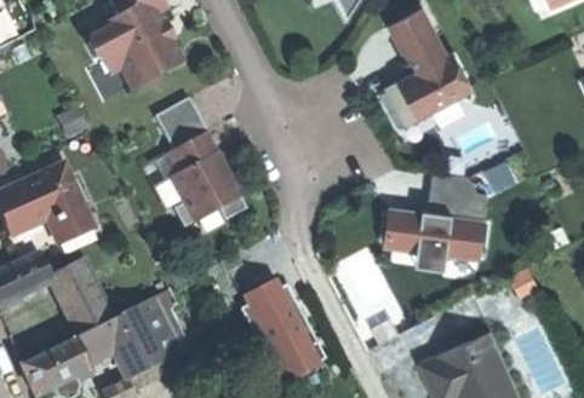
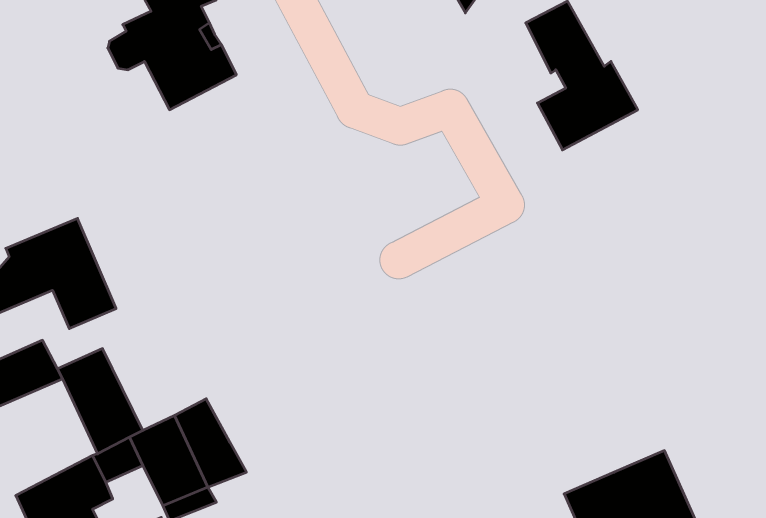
building: [155,97,244,226] -> none
building: [379,171,485,259] -> none
building: [242,282,322,370] -> none

